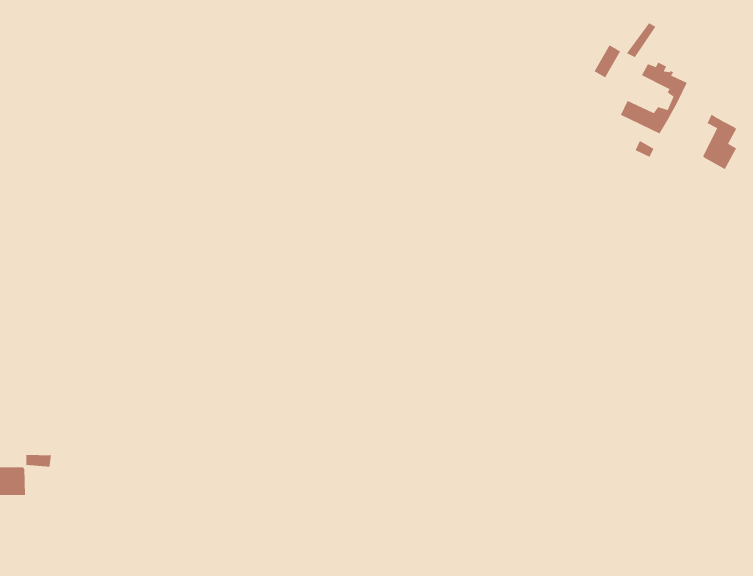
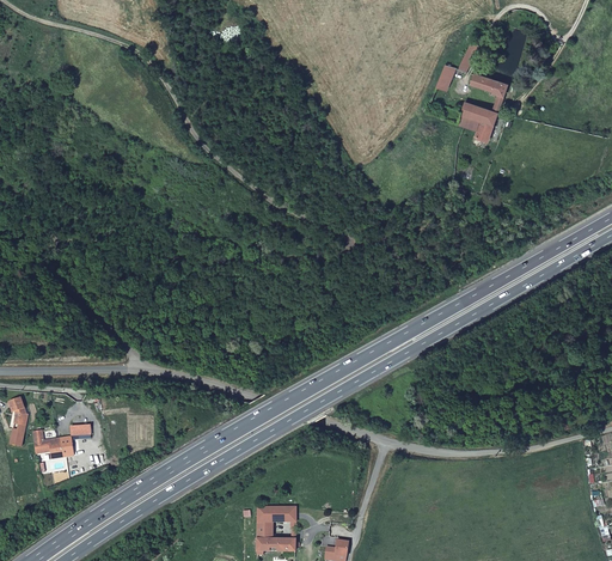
building: [702,114,737,170] -> none

